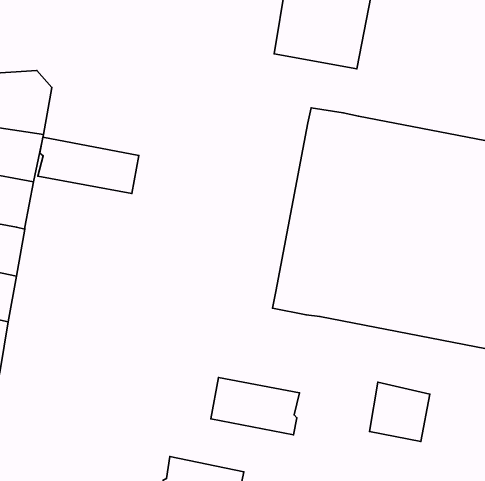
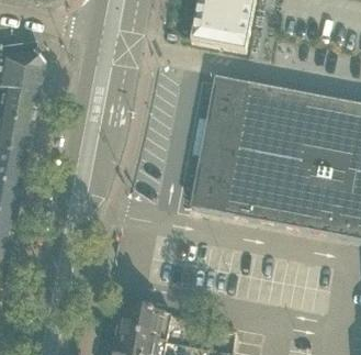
building: [38,137,139,194] -> none
building: [211,377,299,435] -> none
building: [370,382,430,441] -> none

